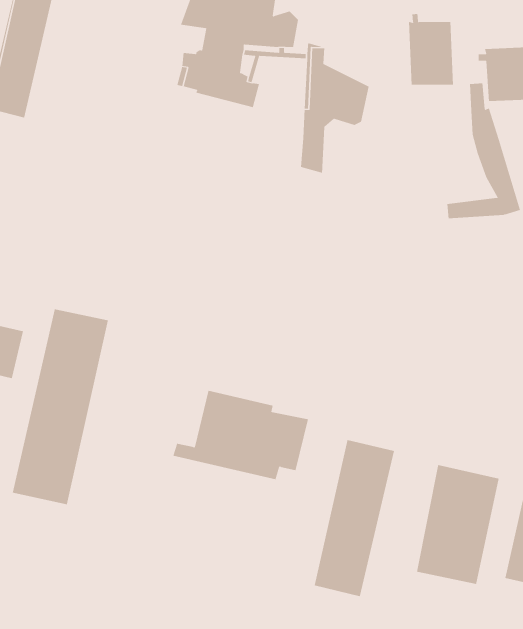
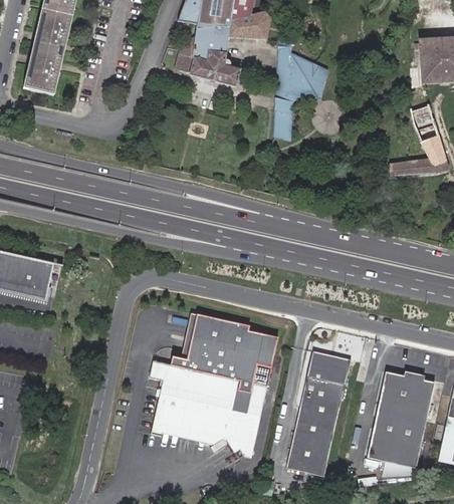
building: [408,13,454,86] -> none
building: [12,308,108,505] -> none
building: none -> [151,360,270,458]

